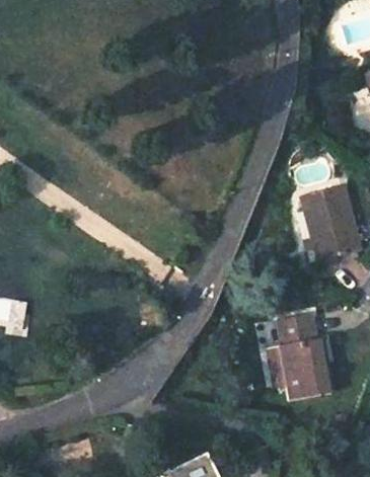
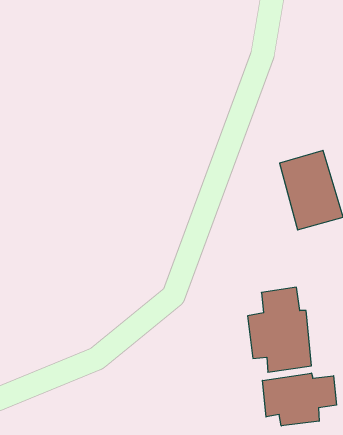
building: none -> [262,373,336,426]

